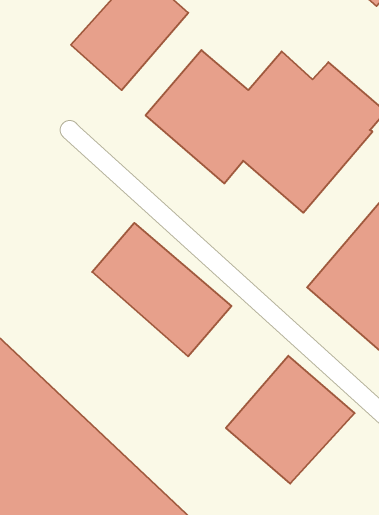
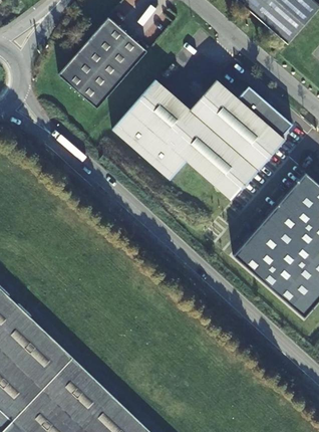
building: [92,223,231,356] -> none
building: [226,356,355,484] -> none

